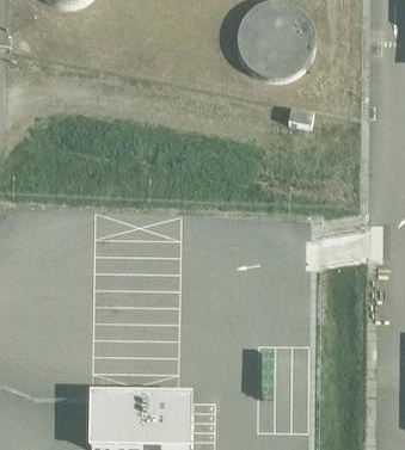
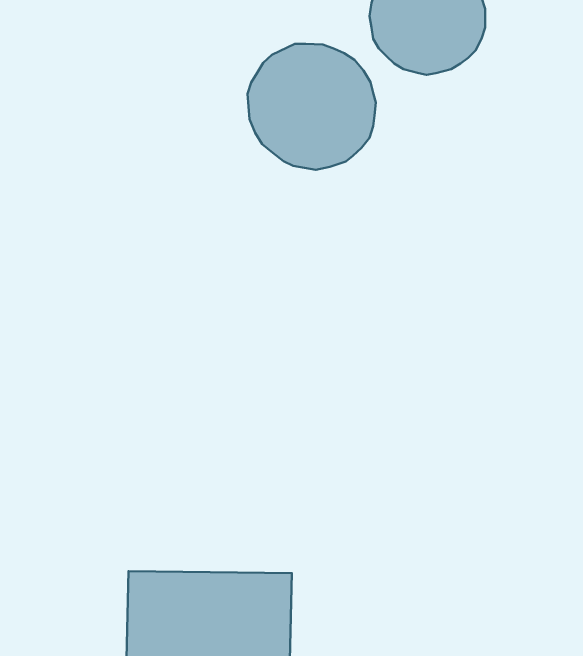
building: none -> [248,44,376,170]

